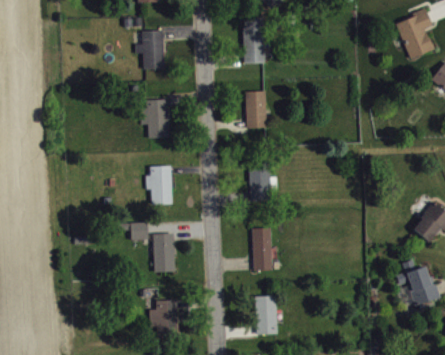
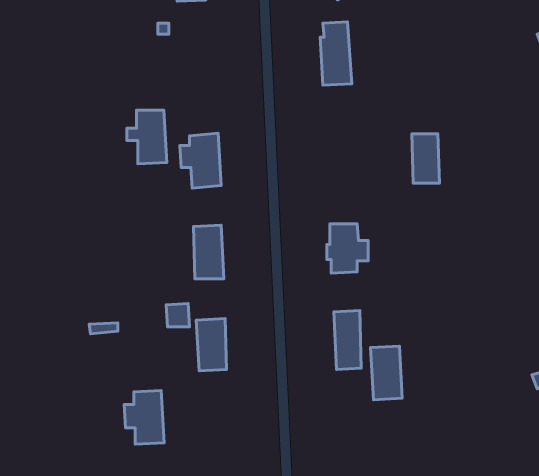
building: [135,30,164,69] -> [127,110,167,164]
building: [246,91,266,127] -> [412,134,439,183]
building: [254,295,277,334] -> [371,346,402,400]
building: [149,299,178,338] -> [124,391,164,444]

